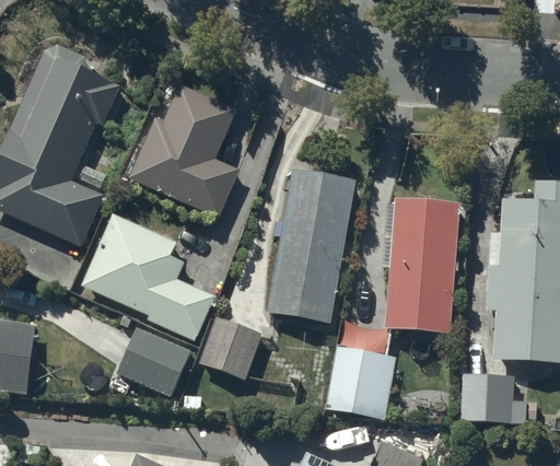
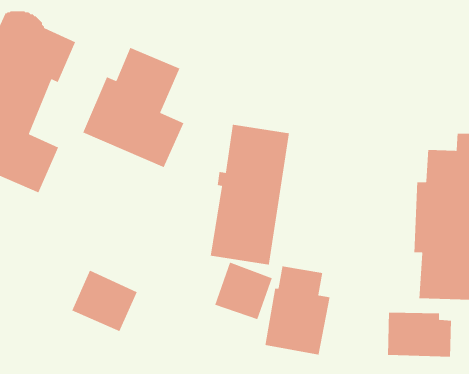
building: [383,196,463,331] -> none
building: [81,214,214,341] -> none
building: [198,316,261,380] -> [214,262,273,320]

